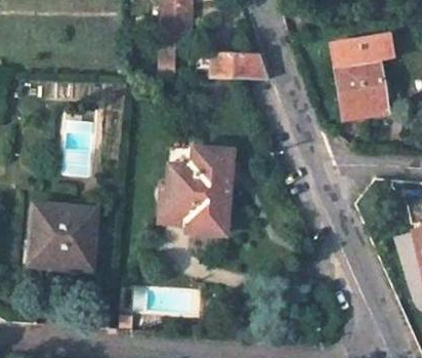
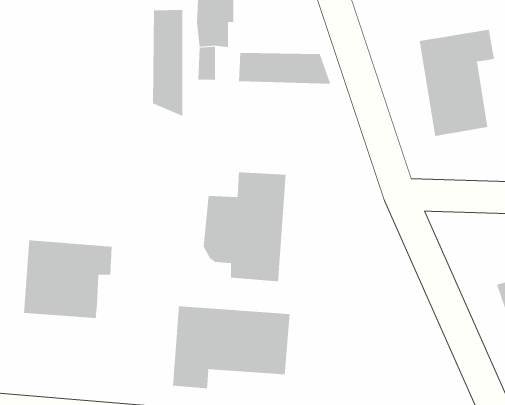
building: none -> [152,9,183,117]
building: none -> [172,305,290,389]

